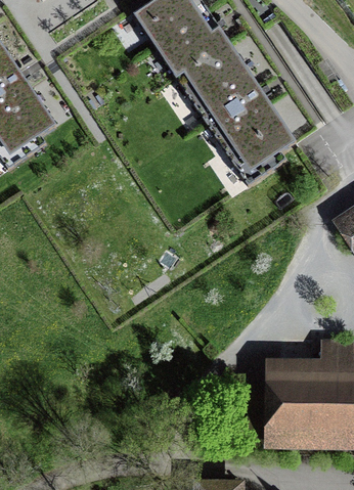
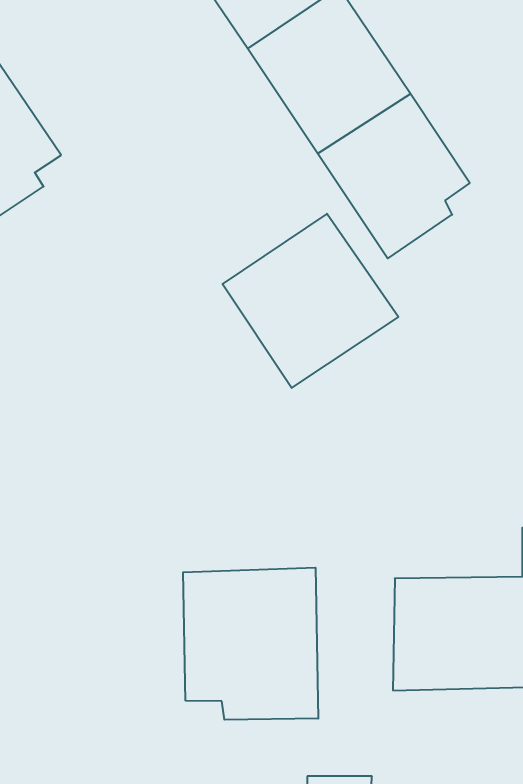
building: none -> [223,214,398,388]
building: none -> [183,568,318,720]

